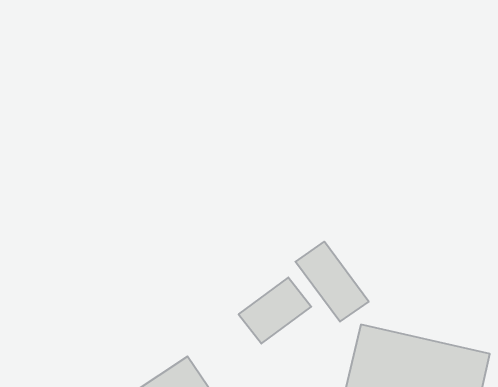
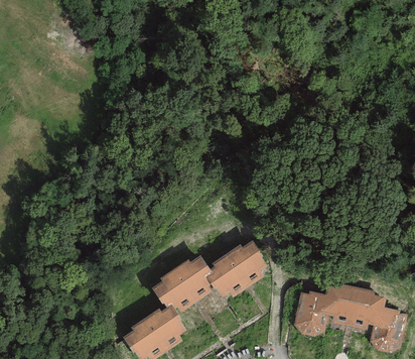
building: [295,242,369,322] -> none
building: none -> [156,254,215,313]

